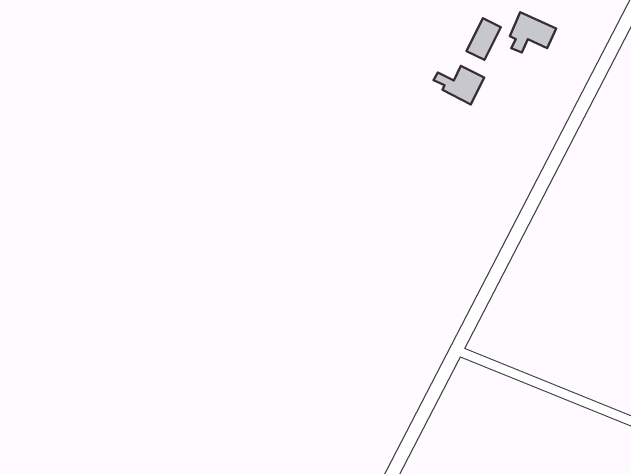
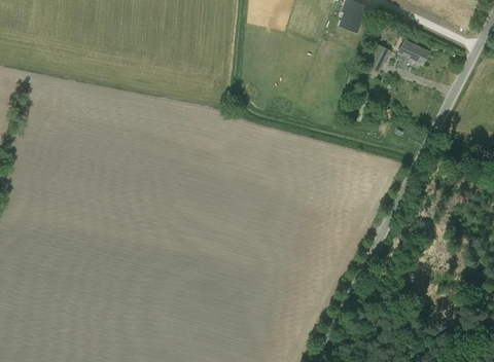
building: [434,66,484,104] -> none

